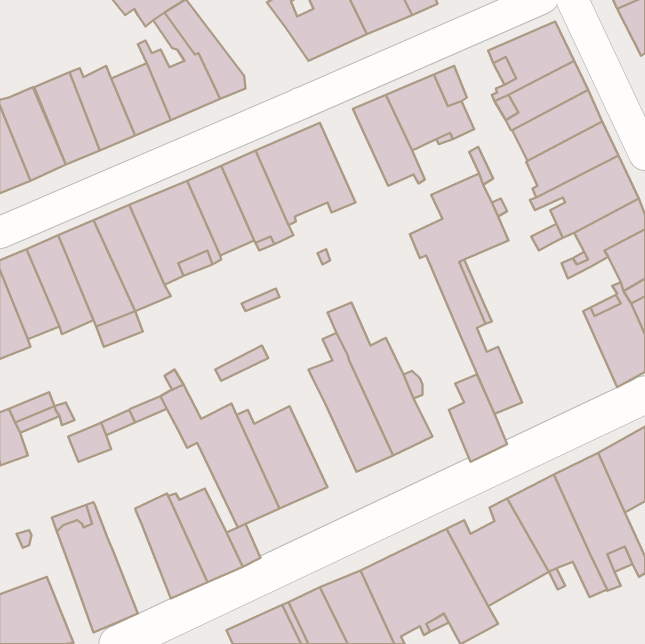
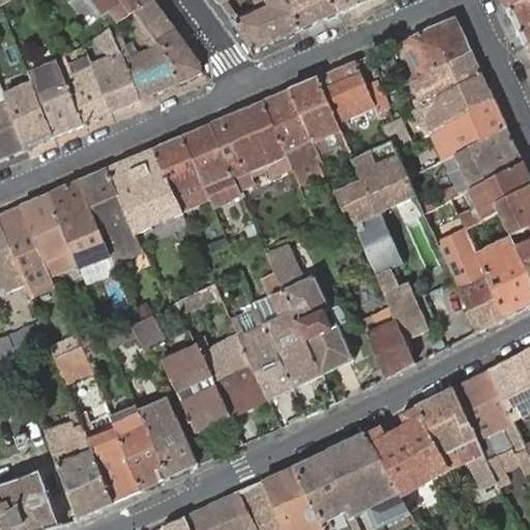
building: none -> [262,89,320,176]
building: none -> [444,232,505,331]
building: none -> [232,310,292,399]
building: none -> [78,411,140,502]

